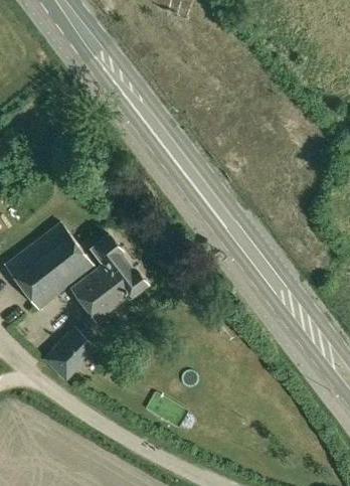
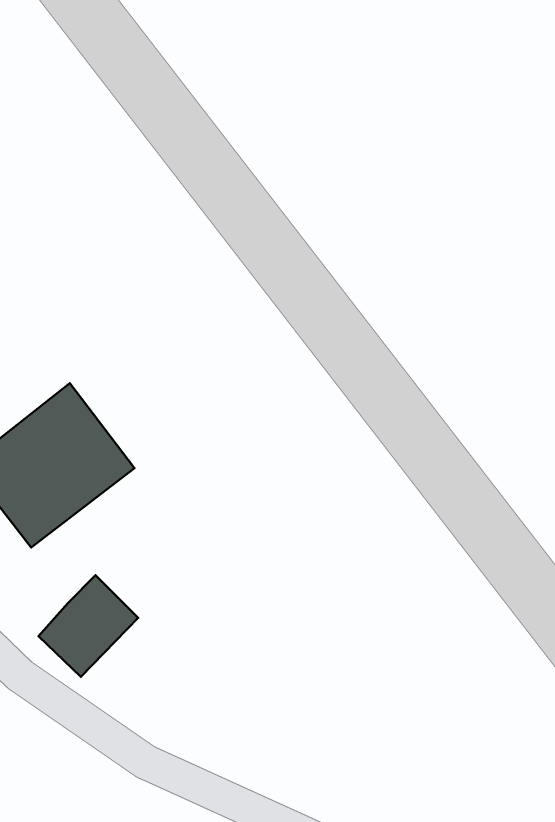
building: [72,236,147,322] -> none

